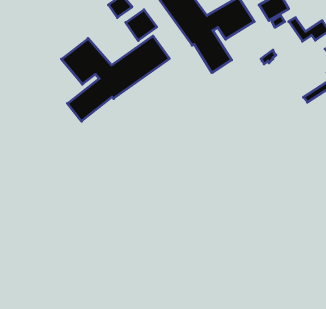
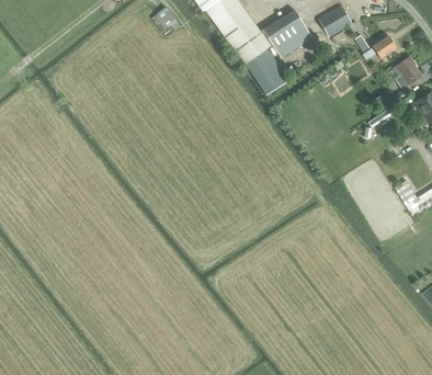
building: [126,10,157,41] -> none
building: [61,36,169,121] -> none

